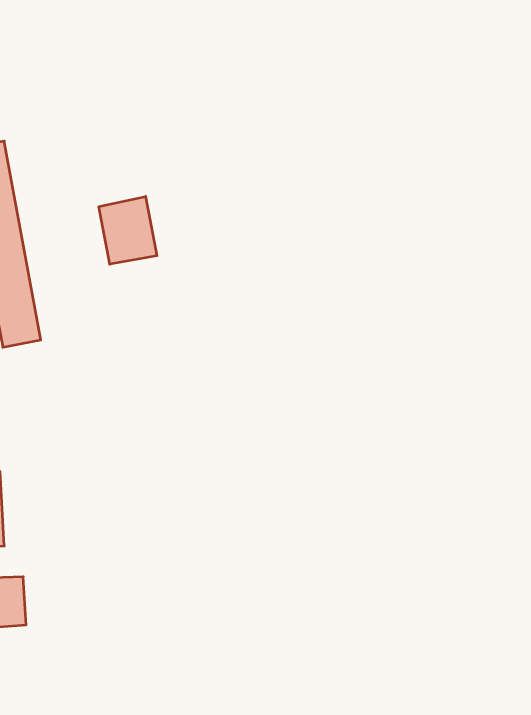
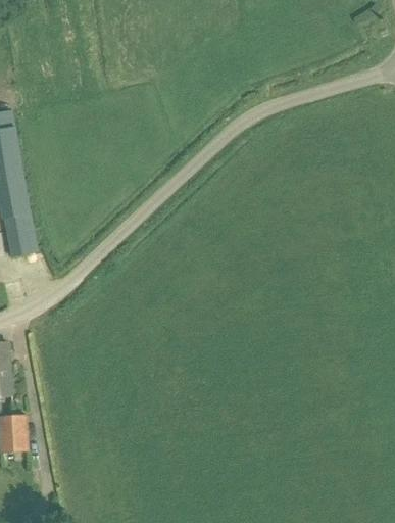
building: [99,196,157,264] -> none

